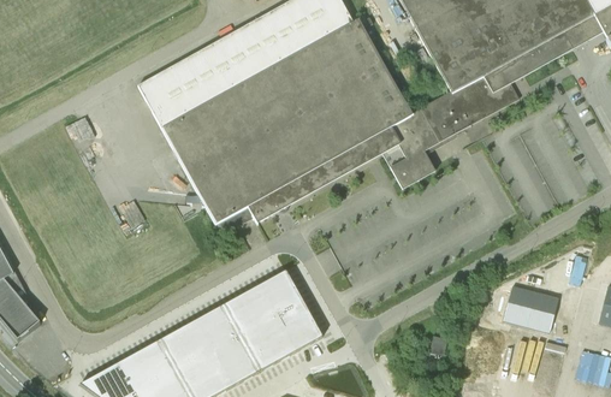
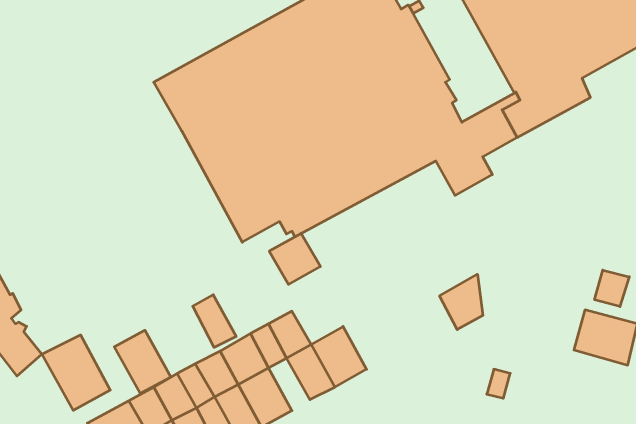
building: none -> [595,270,629,307]
building: none -> [440,274,483,330]
building: [257,269,302,314] -> [269,233,320,284]
building: none -> [193,295,236,347]
building: none -> [114,330,171,394]
building: none -> [42,335,110,410]
building: [237,326,273,372] -> none

